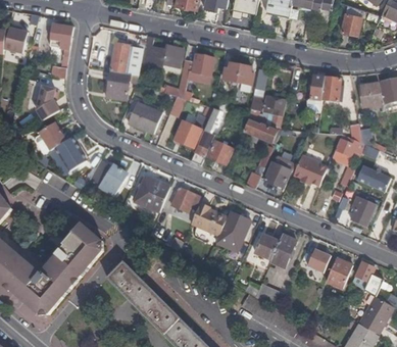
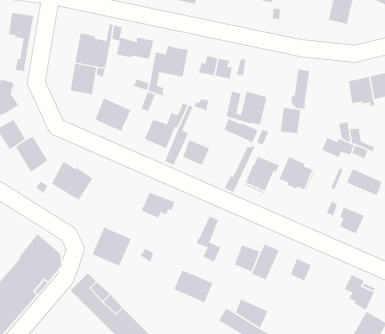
building: [320,78,340,102] -> [280,107,301,134]
building: [133,176,169,212] -> [91,226,132,267]
building: [190,205,227,236] -> [173,269,214,303]
building: [326,258,352,289] -> none

